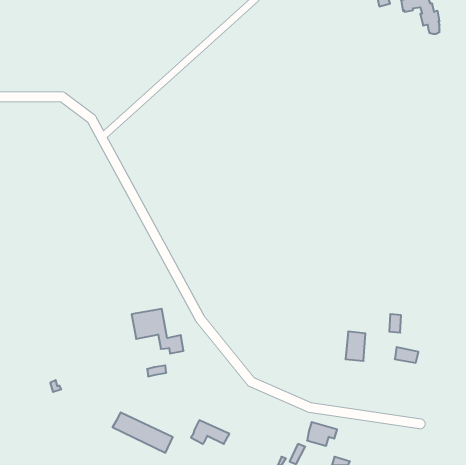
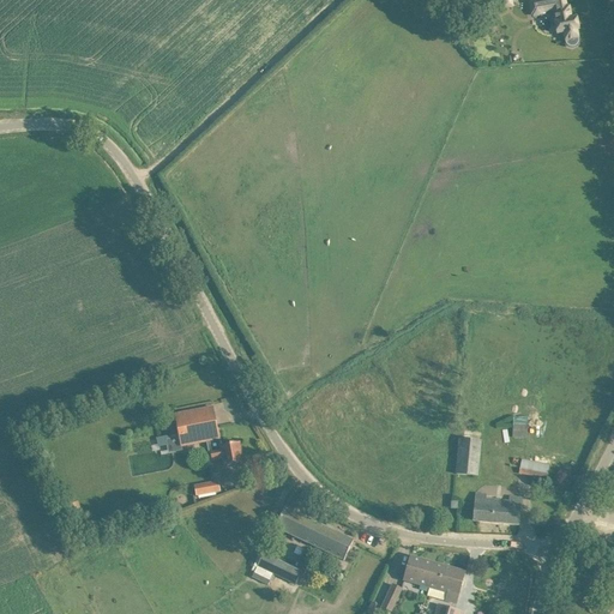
building: none -> [472,492,519,523]
building: [112,412,173,453] -> [273,506,353,559]
building: none -> [426,564,464,602]

